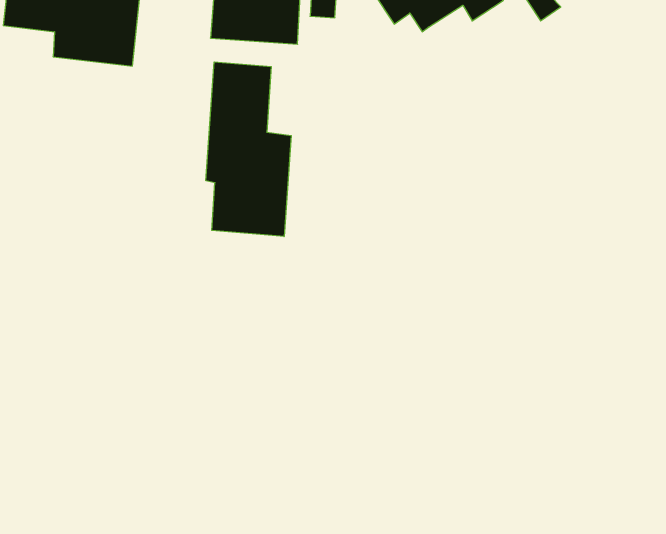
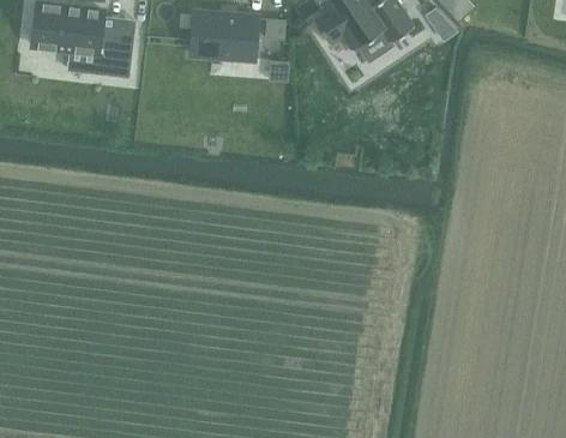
building: [206,62,291,237] -> none

